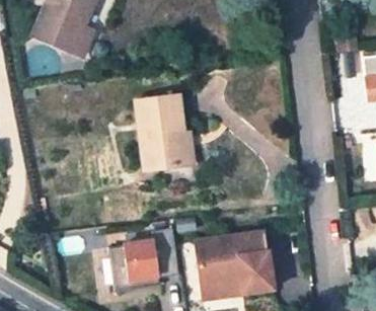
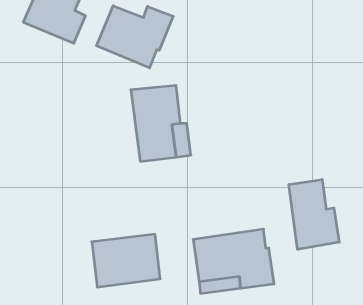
building: none -> [97,6,173,68]
building: none -> [289,179,339,249]

